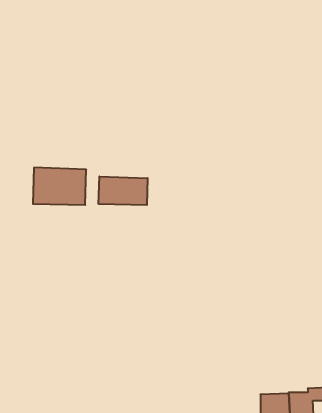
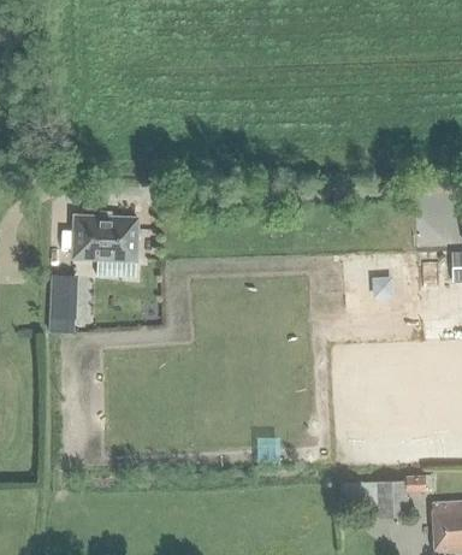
building: [99,176,148,205] -> none
building: none -> [51,272,73,317]

